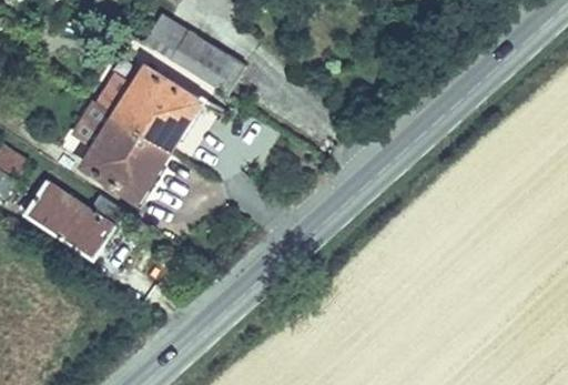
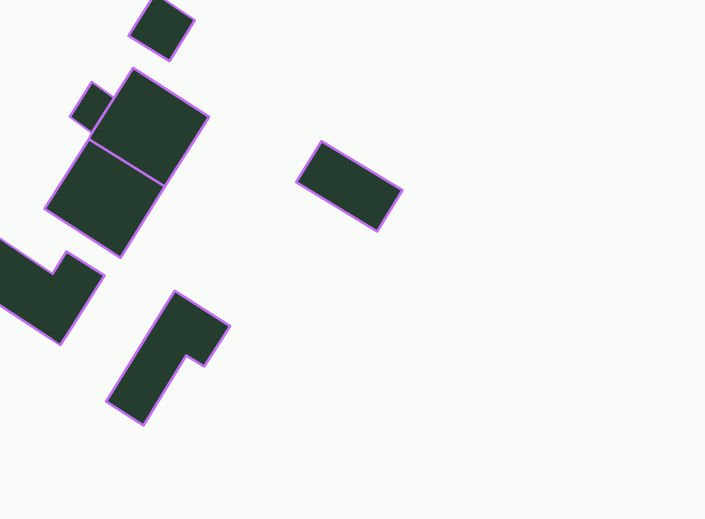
building: [170,31,244,94] -> [296,141,402,231]
building: none -> [106,291,230,425]

